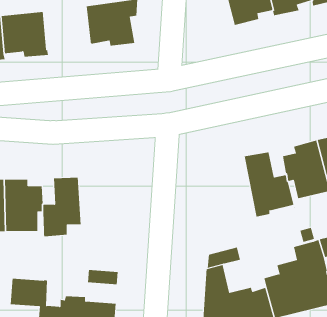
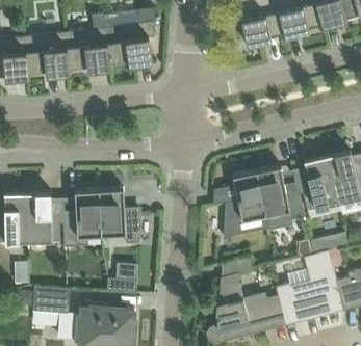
building: none -> [66,27,111,72]
building: none -> [224,170,268,237]
building: none -> [99,188,141,244]

